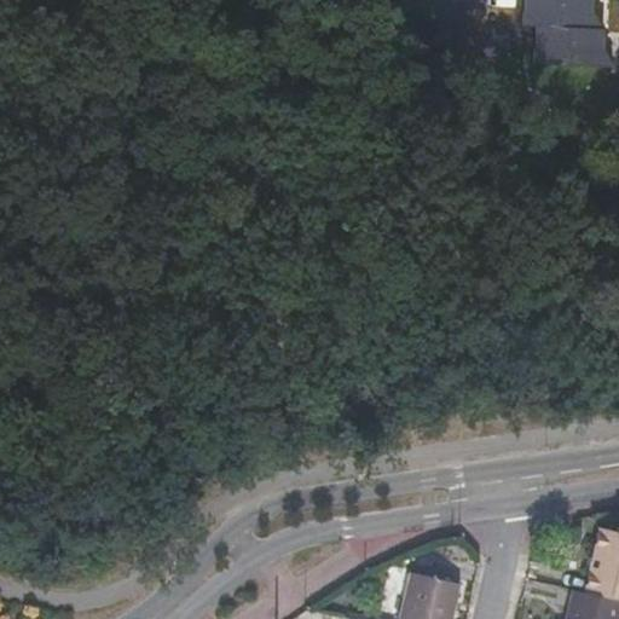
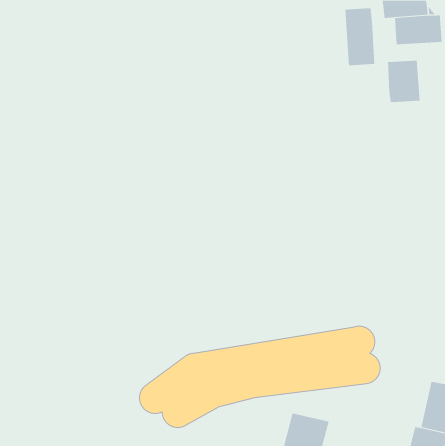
building: none -> [345,7,375,66]
building: none -> [387,60,420,103]

